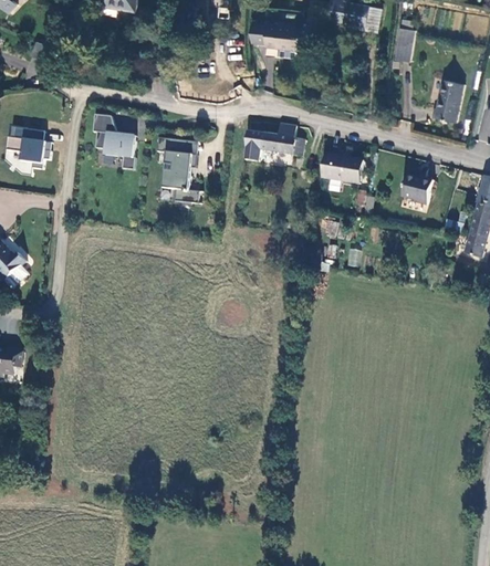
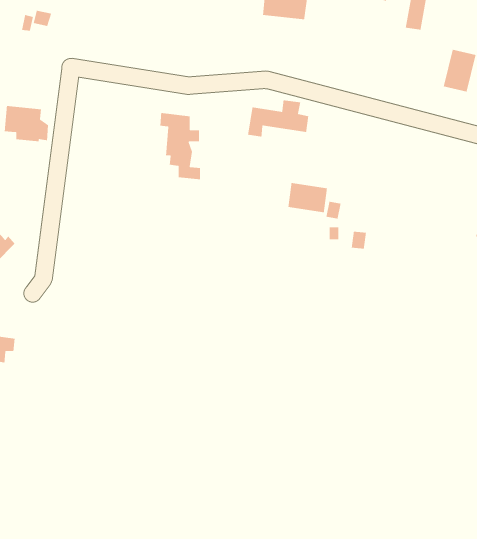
building: [94,113,137,168] -> none
building: [322,153,361,182] -> [288,182,328,213]
building: [403,171,430,199] -> none

